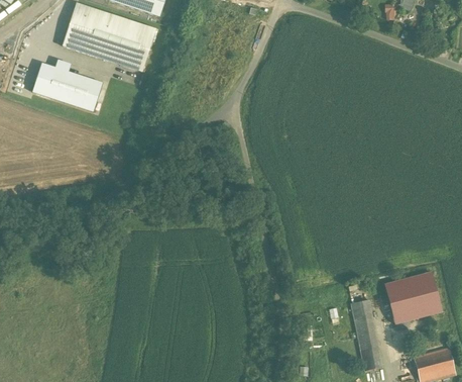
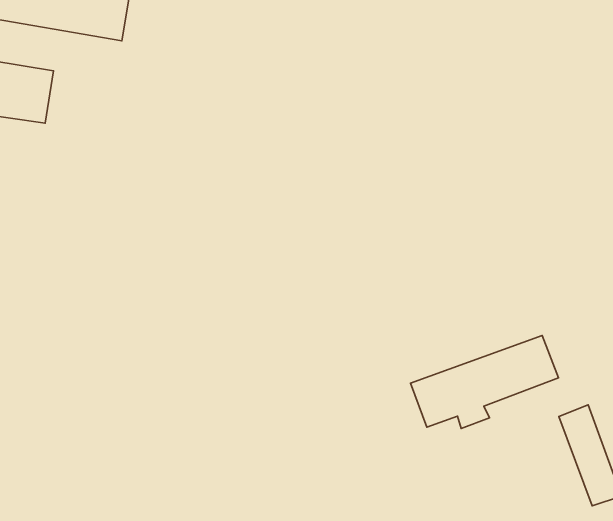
building: none -> [411,335,558,428]

